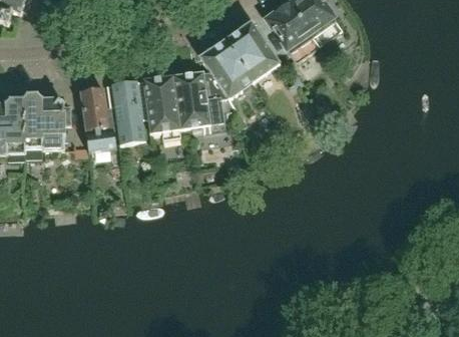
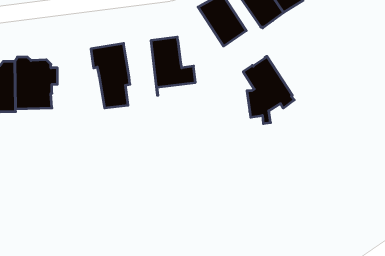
building: [198,37,255,111] -> [243,56,294,124]
building: [142,74,179,137] -> none
building: [80,85,115,156] -> none

